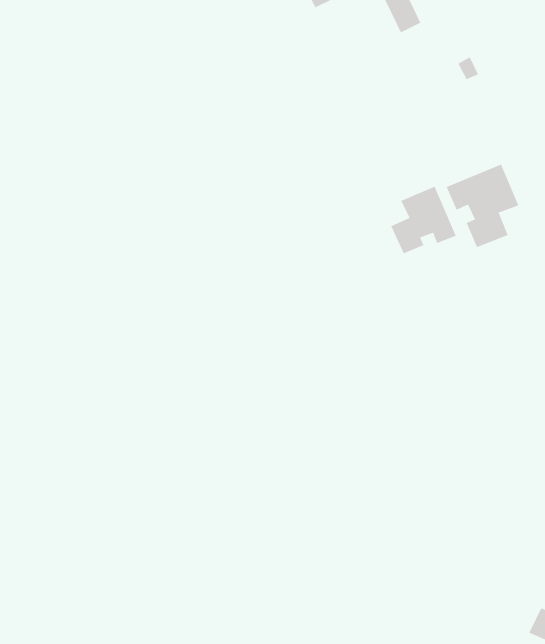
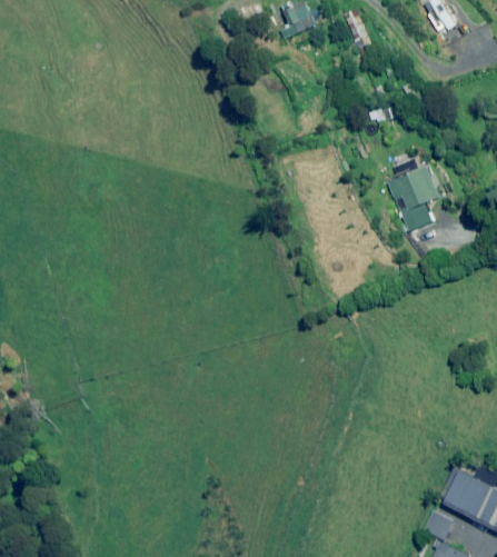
building: [391,186,457,254] -> none

